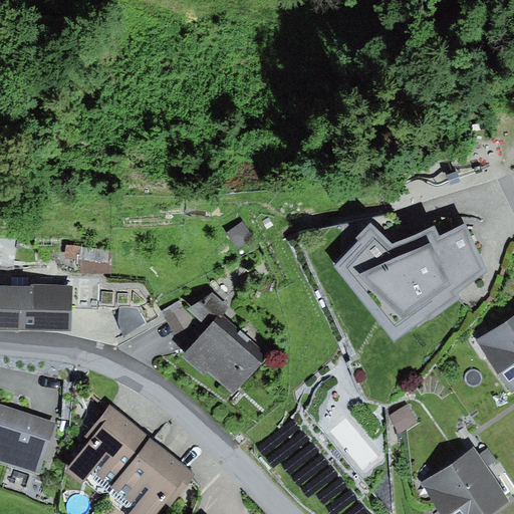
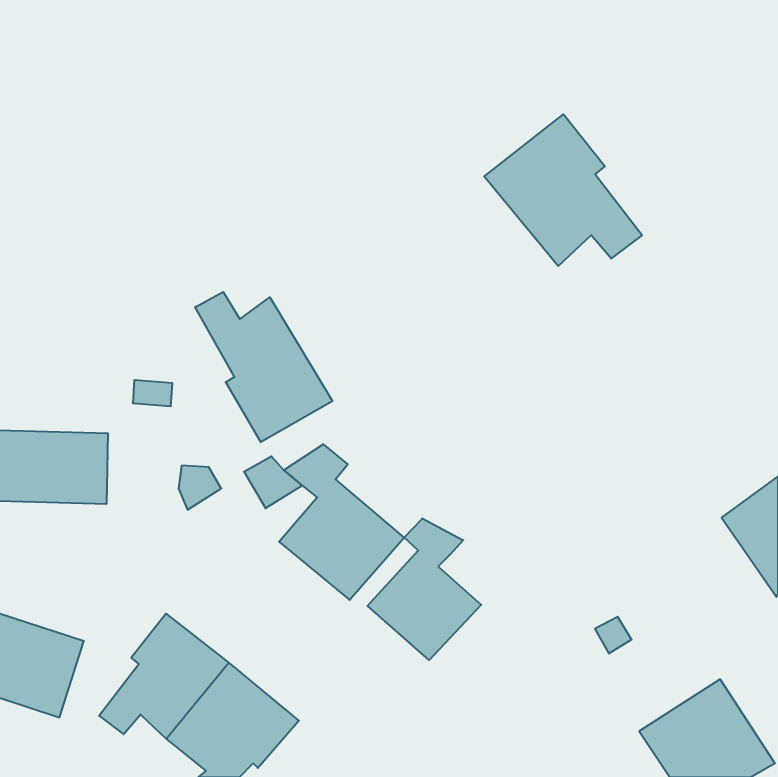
building: none -> [484,114,642,266]
building: none -> [195,292,332,442]
building: [333,222,487,341] -> none
building: none -> [367,518,481,660]

